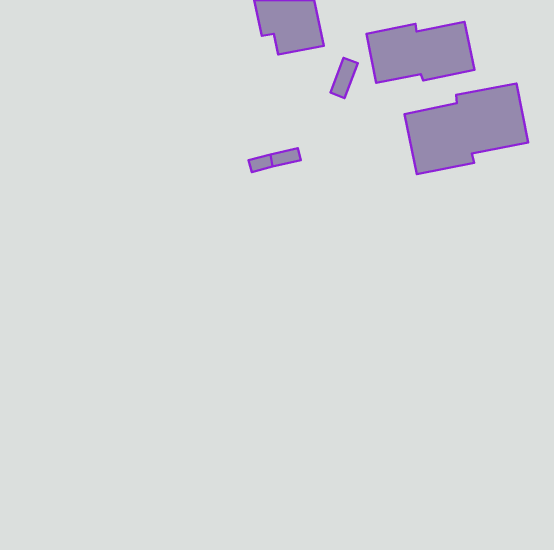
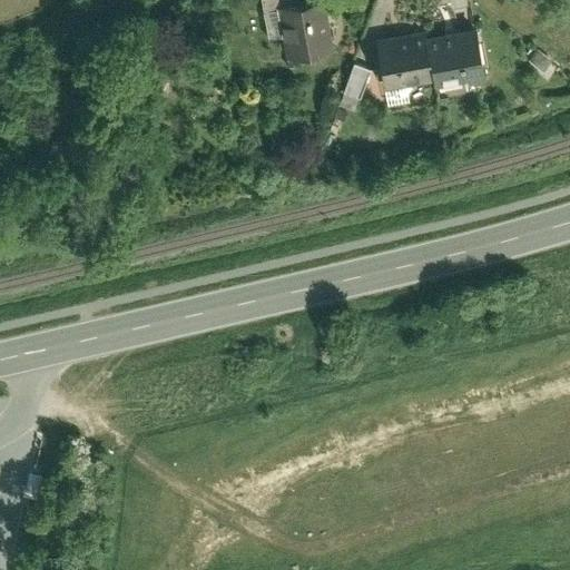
building: [405,84,528,174] -> none

